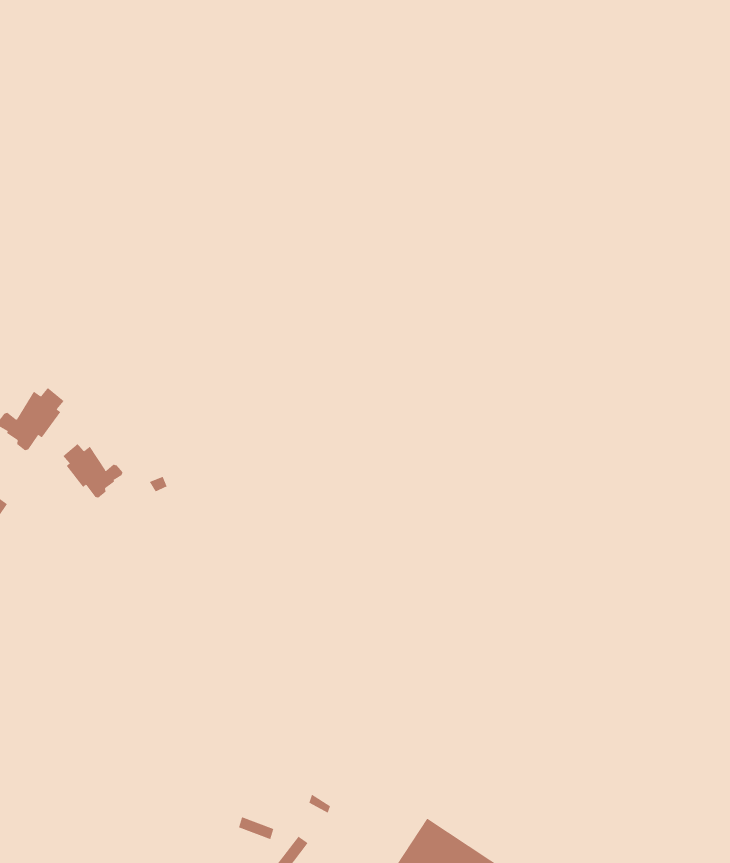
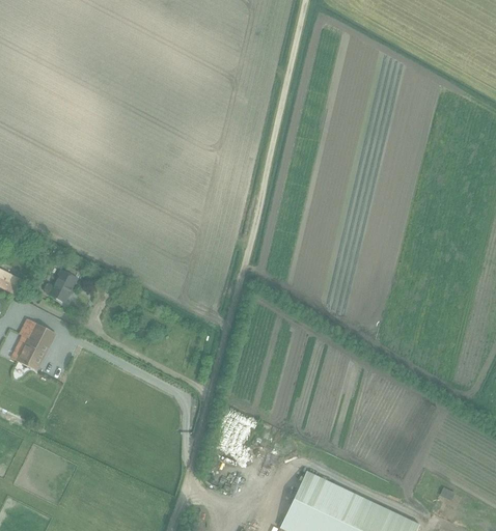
building: [63,443,123,499] -> none

